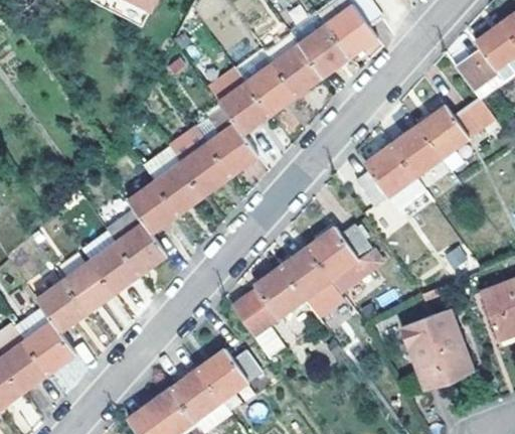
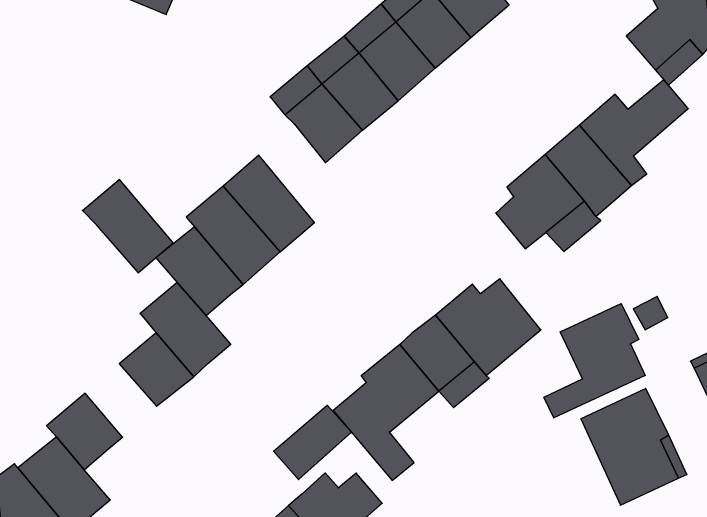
building: [198,107,260,175] -> none
building: none -> [82,179,173,273]
building: none -> [544,304,645,418]
building: [65,261,114,311] -> none
building: none -> [274,405,351,480]

